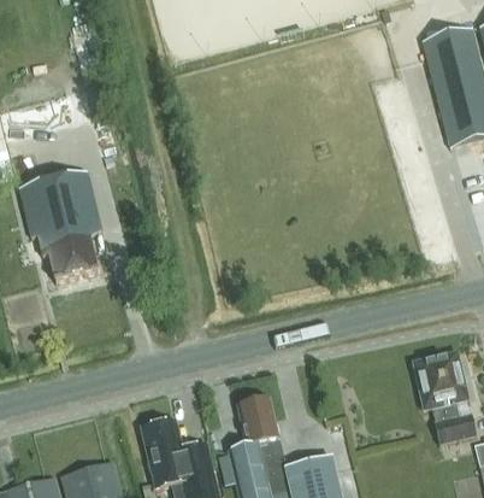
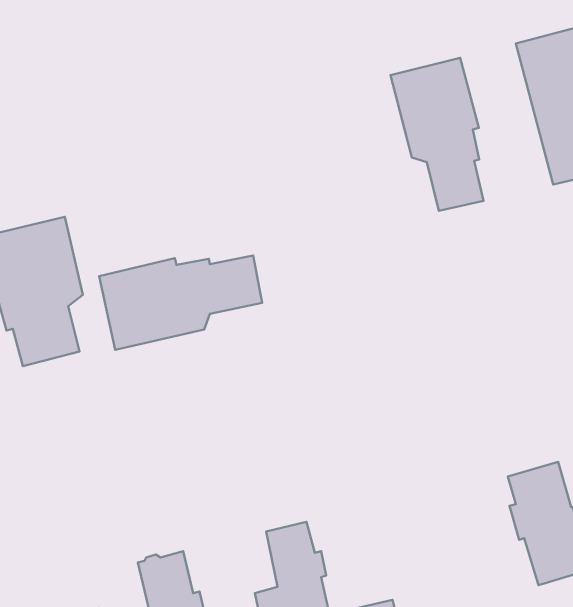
building: none -> [390,58,484,211]
building: none -> [99,255,262,350]

